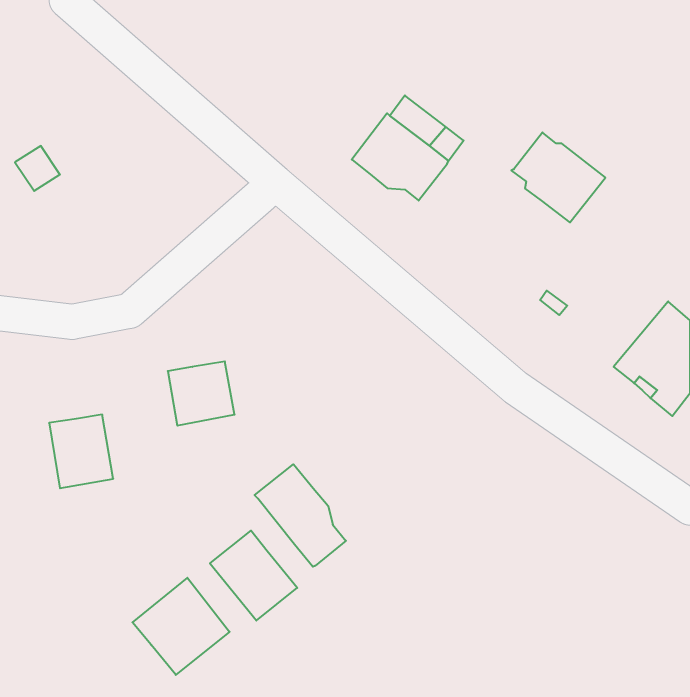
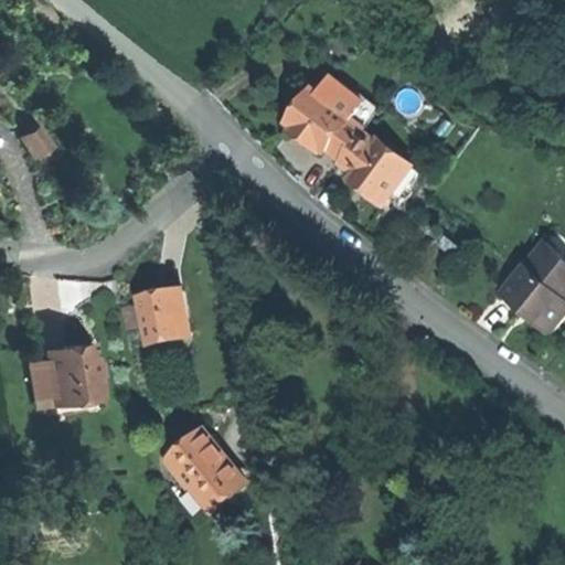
building: [511,132,605,222] -> [337,132,413,205]
building: [255,464,346,567] -> none
building: [132,578,230,675] -> none

